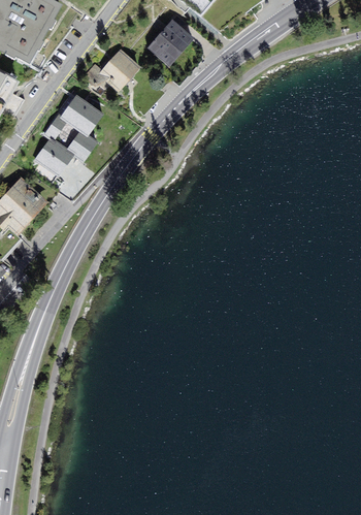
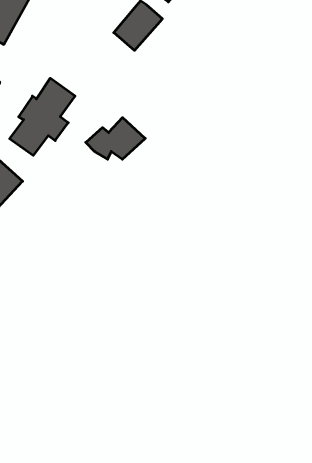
building: [81,49,143,92] -> [86,118,145,159]

